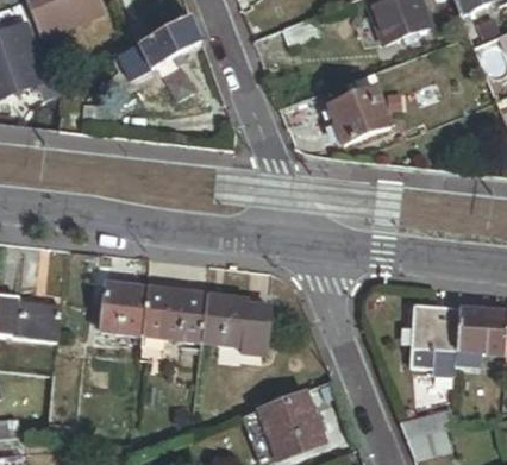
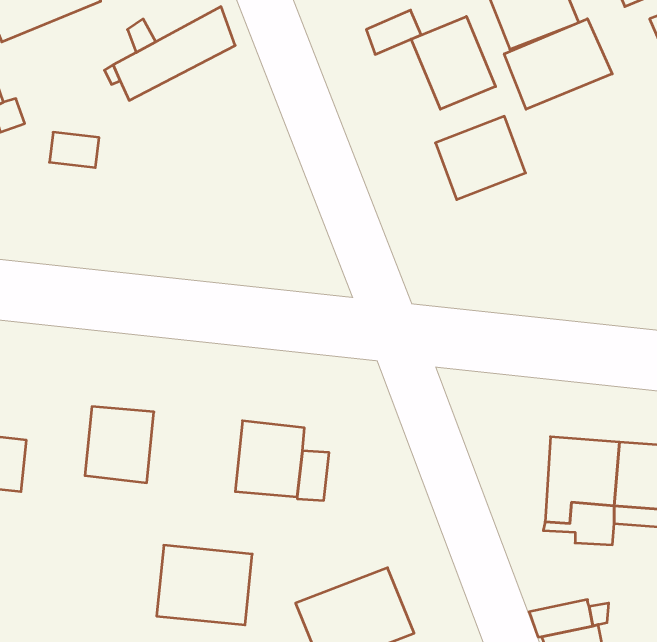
building: none -> [411,16,496,109]
building: none -> [504,19,612,109]
building: [140,287,205,340] -> [157,545,252,625]

